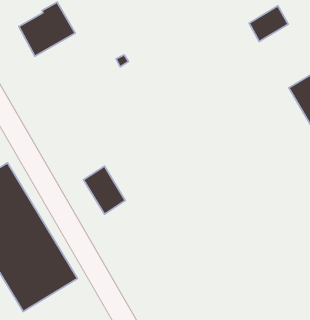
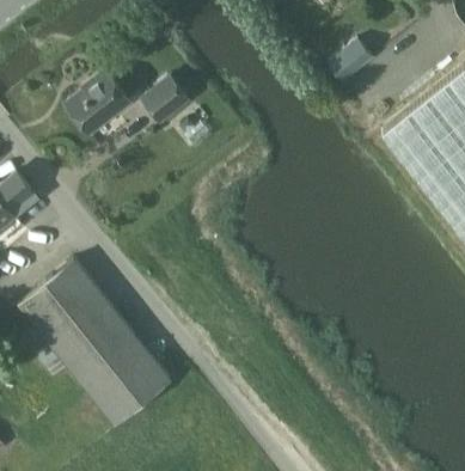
building: none -> [143,79,189,123]
building: [84,166,125,214] -> none

